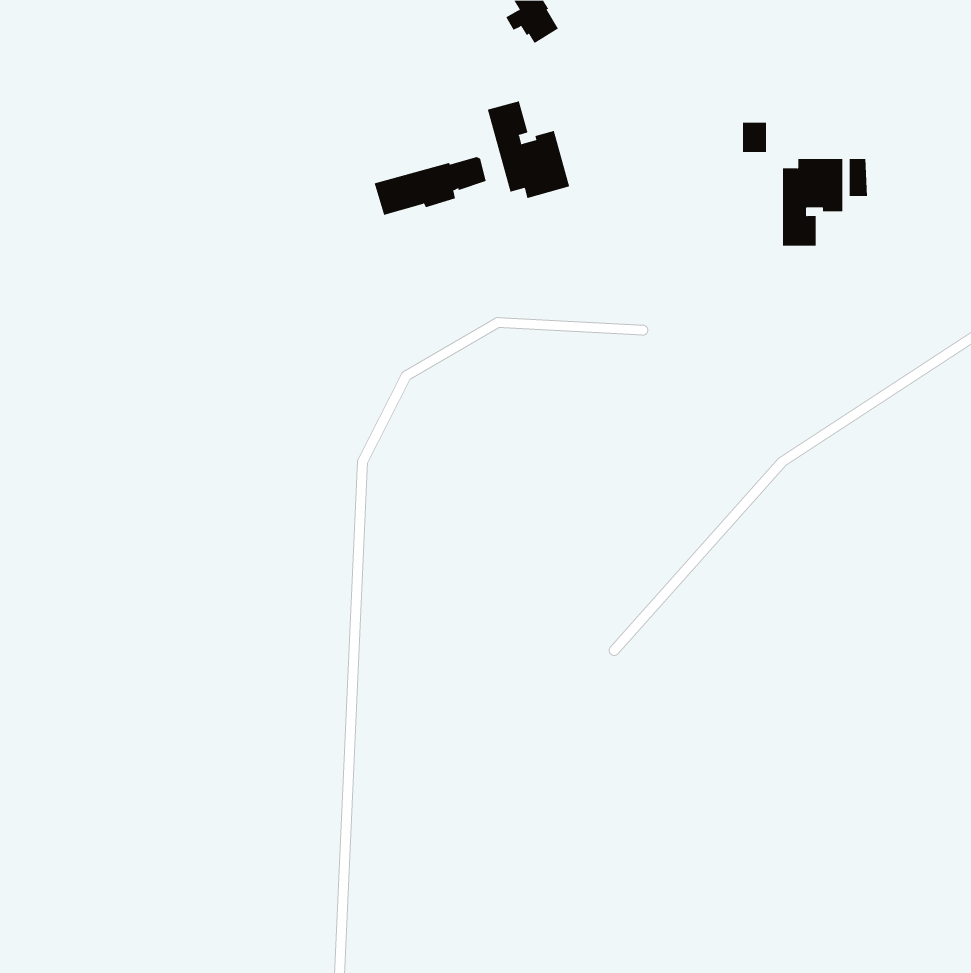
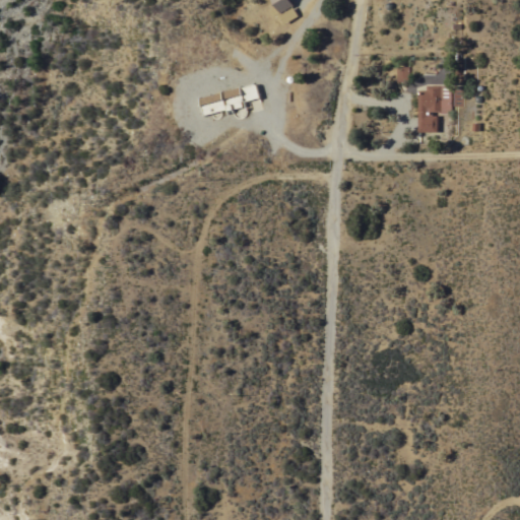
building: [487,100,570,199] -> none

